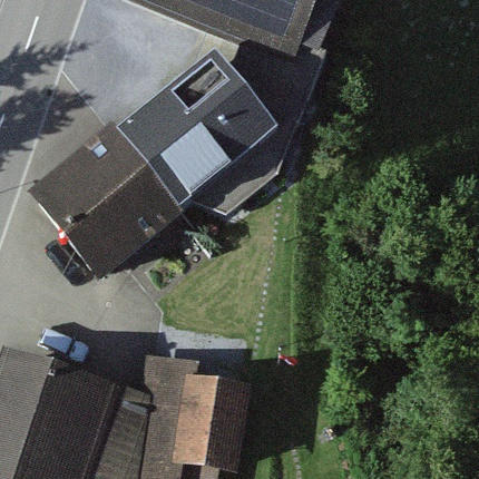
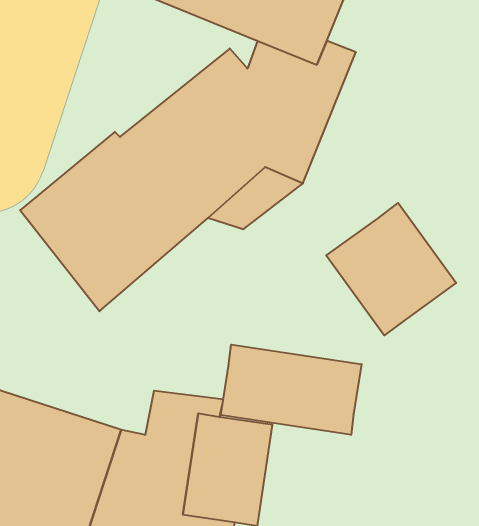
building: none -> [326,203,456,335]
building: none -> [221,345,362,435]

